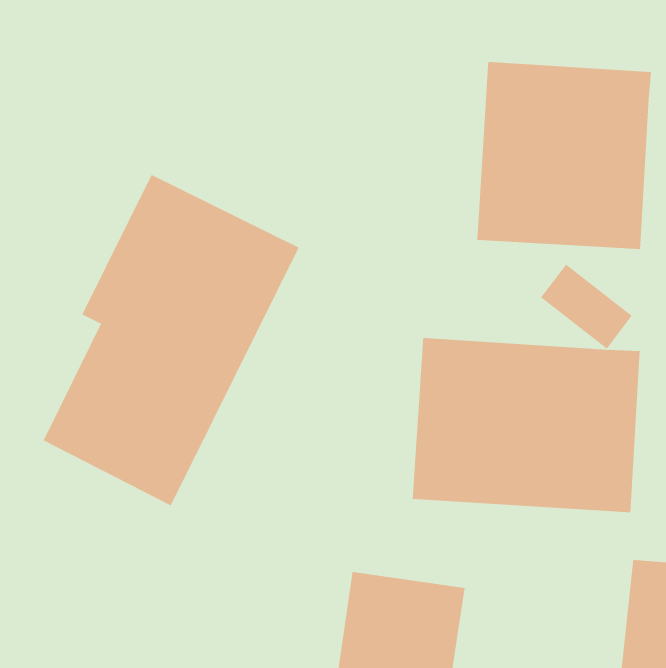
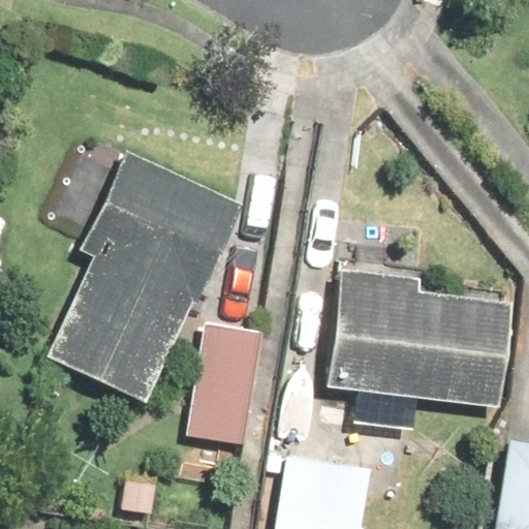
building: [477,61,651,250] -> none
building: none -> [188,325,262,448]

